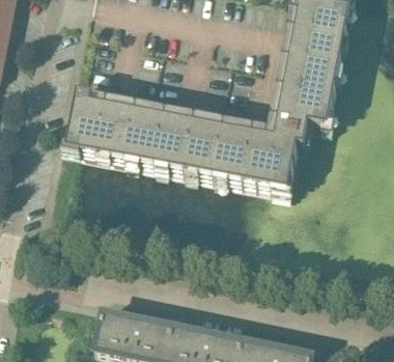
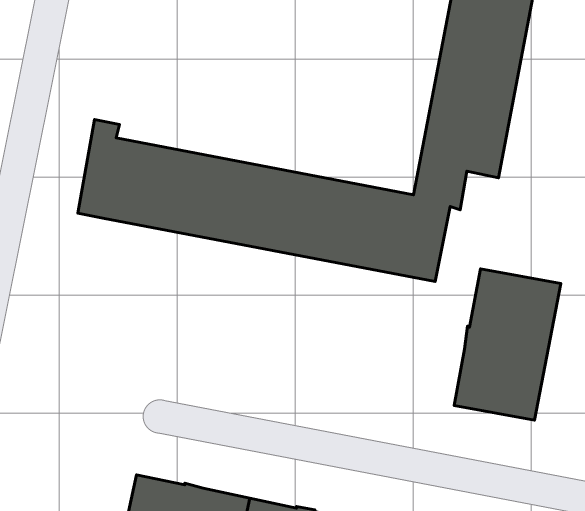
building: none -> [454,269,561,420]

